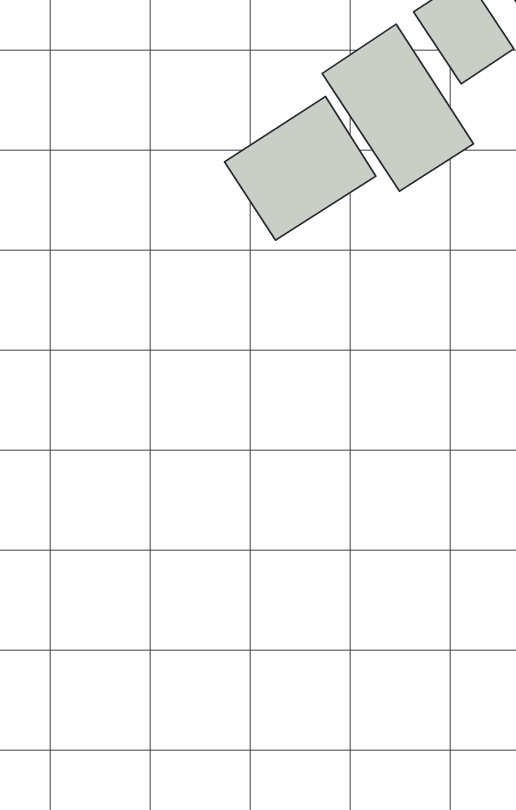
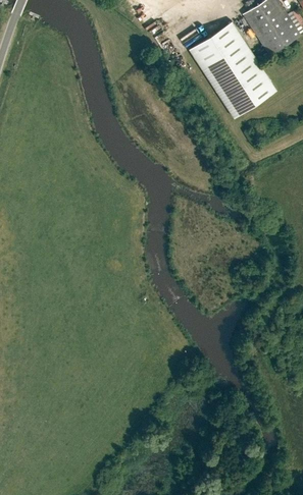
building: [224,96,376,240] -> none

